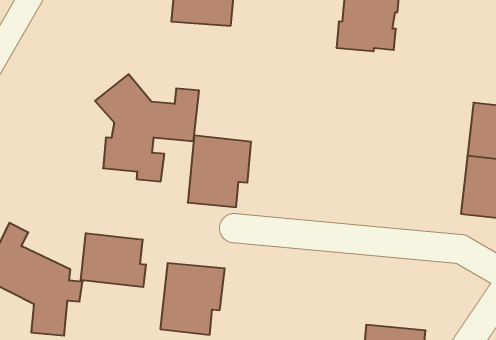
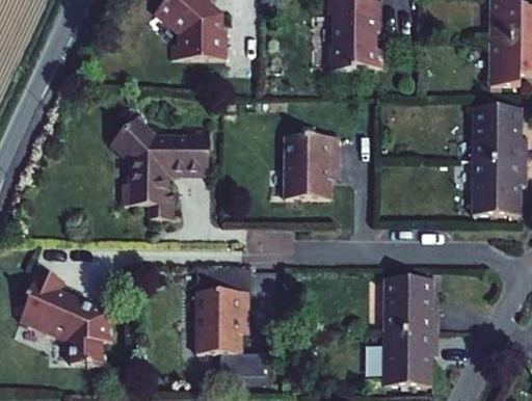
building: [188,135,251,207] -> [284,136,338,199]
building: [81,233,146,287] -> none
building: none -> [383,275,440,328]

